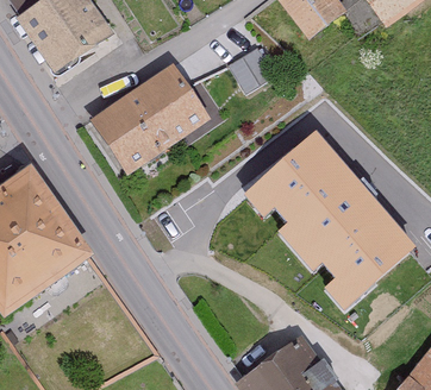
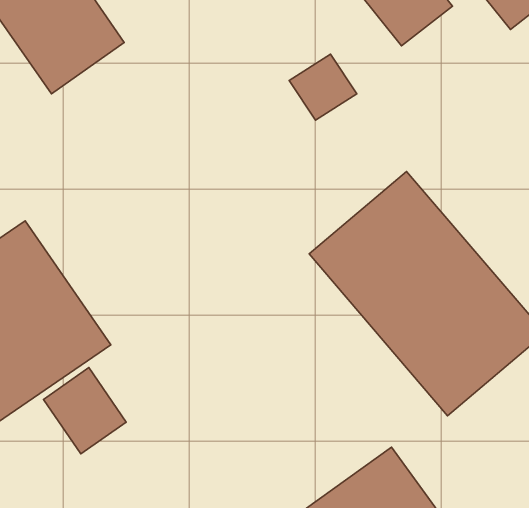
building: [95,67,216,178] -> none
building: none -> [44,367,126,454]

